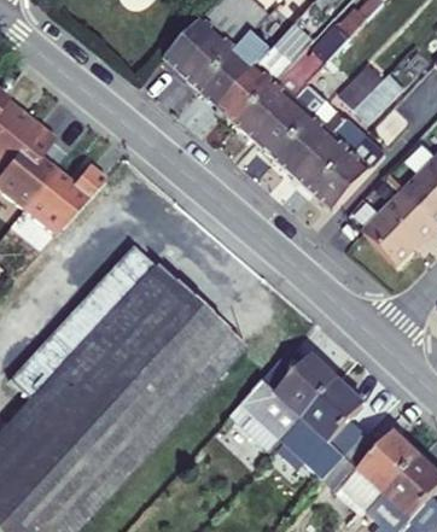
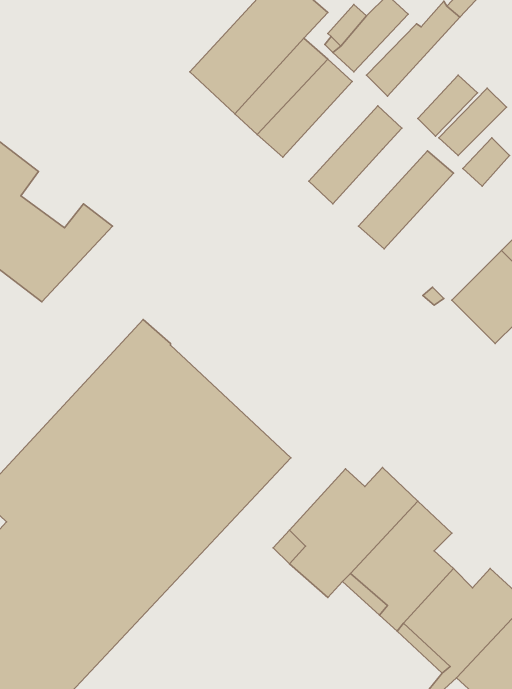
building: [237,66,308,141] -> none
building: [274,110,345,175] -> none
building: [313,135,385,211] -> none

